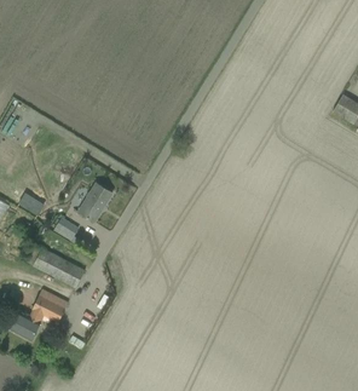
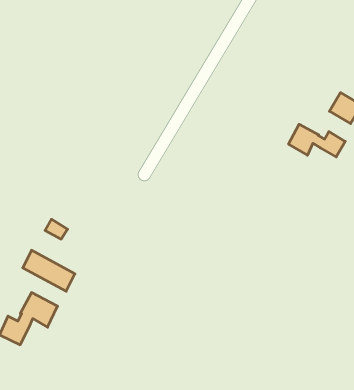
building: none -> [289,124,345,157]
building: [77,182,111,222] -> none

